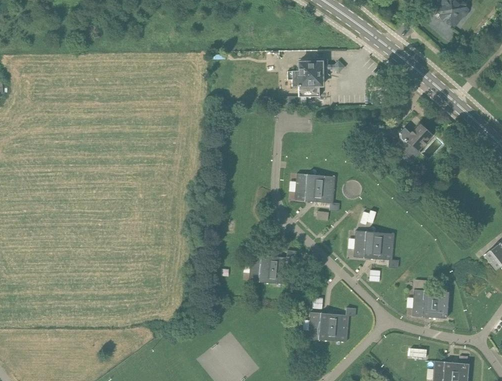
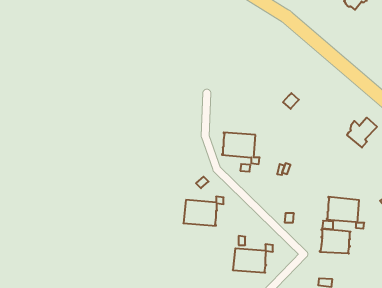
building: [288,58,329,96] -> none
building: [396,124,432,160] -> [347,118,377,148]
building: [354,230,399,268] -> [327,197,364,229]

